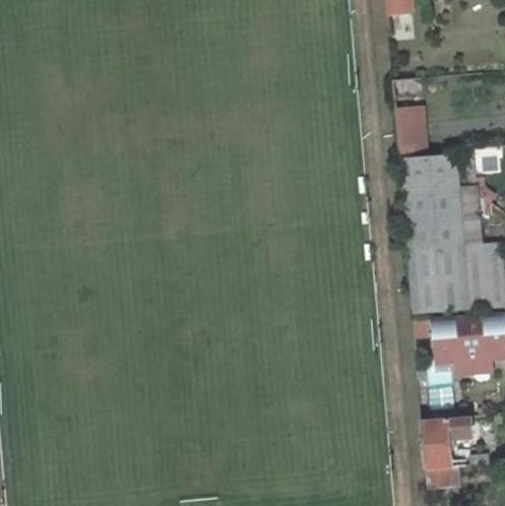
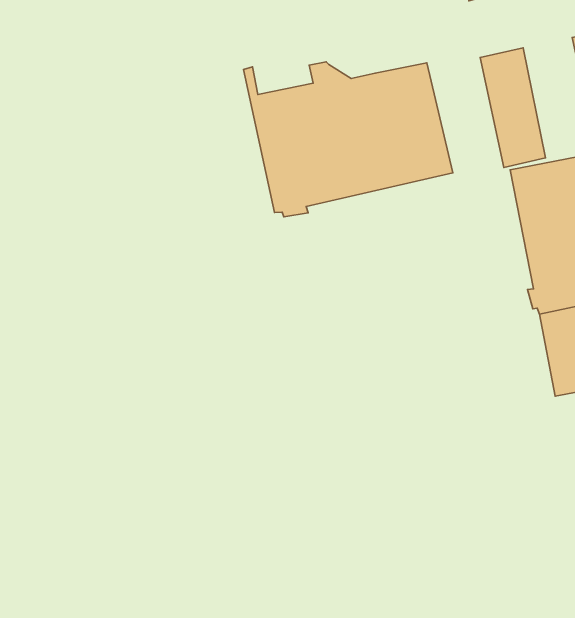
building: none -> [244,62,453,217]

